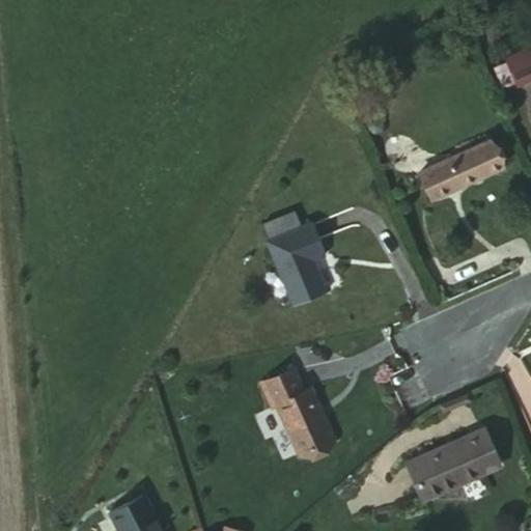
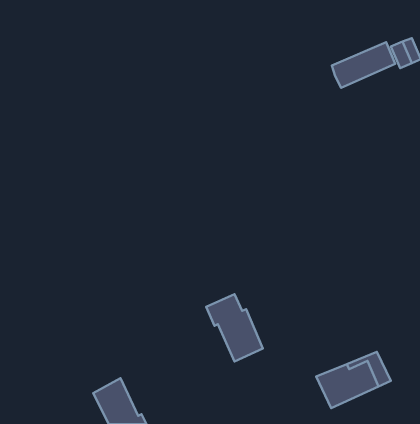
building: [420,142,499,199] -> [332,42,395,88]
building: [262,217,322,300] -> none

